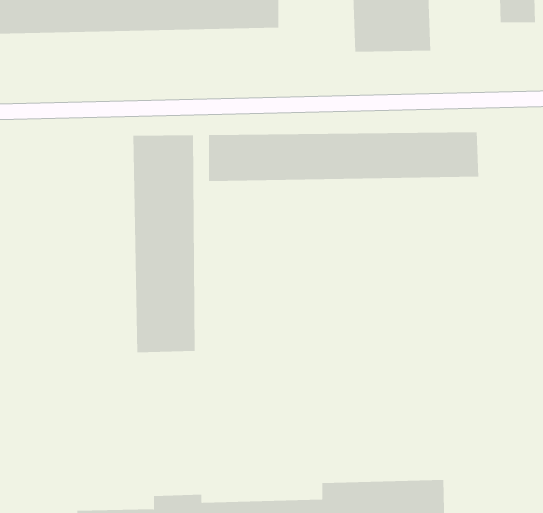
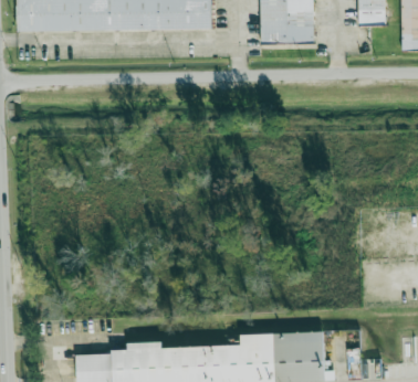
building: [209,131,479,182] -> none
building: [133,135,195,353] -> none

